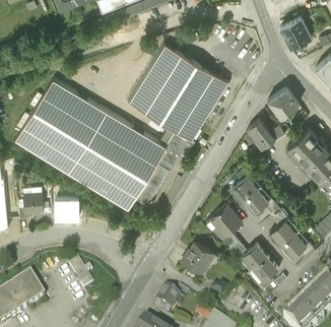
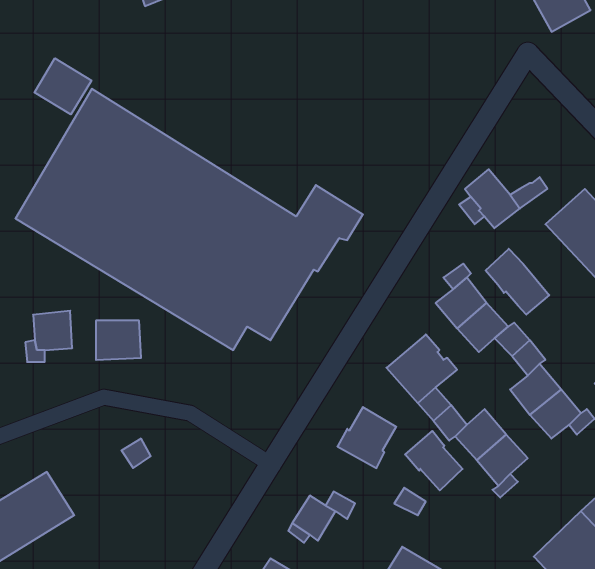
building: [127,41,230,140] -> none
building: none -> [34,58,91,114]
building: [265,86,300,116] -> none
building: none -> [486,249,549,315]
building: none -> [405,431,463,490]

